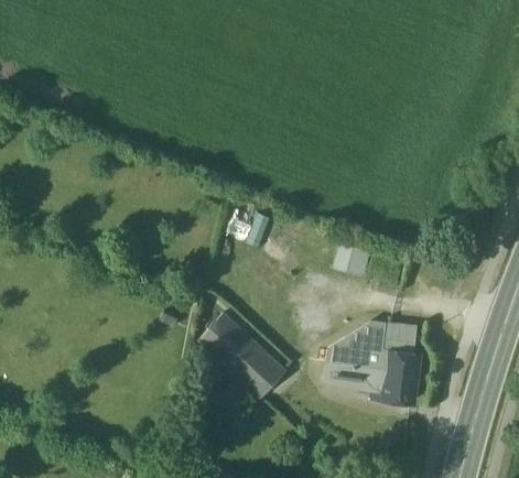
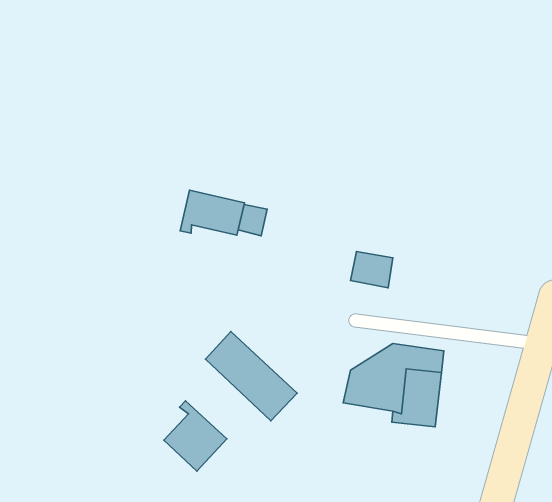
building: none -> [180,190,244,235]
building: none -> [164,401,227,471]

